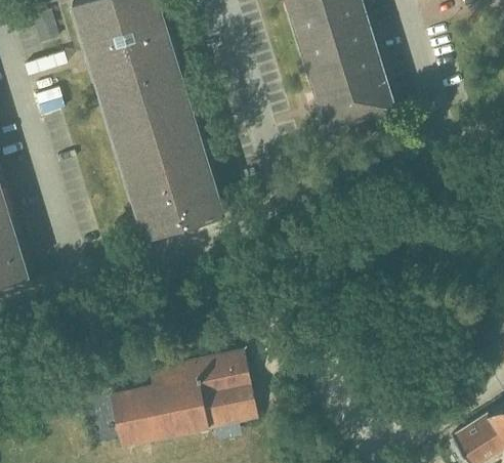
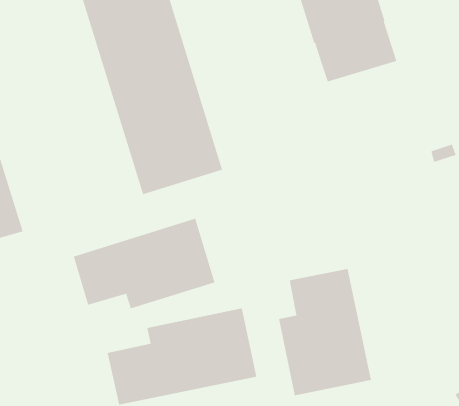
building: none -> [73,218,215,309]
building: none -> [278,268,371,396]

